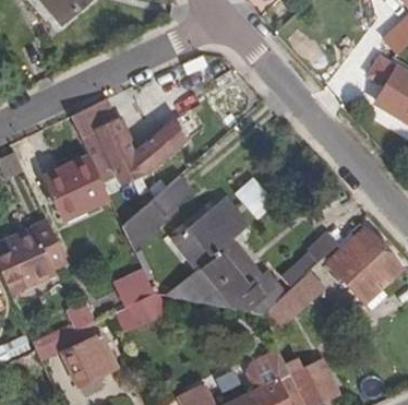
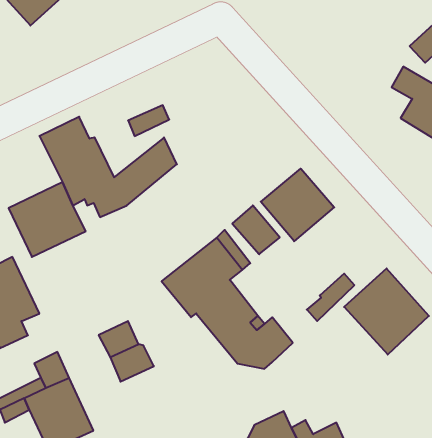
building: none -> [261,169,334,241]
building: [122,177,191,250] -> none
building: [167,267,238,310] -> none
building: [267,272,323,324] -> none

